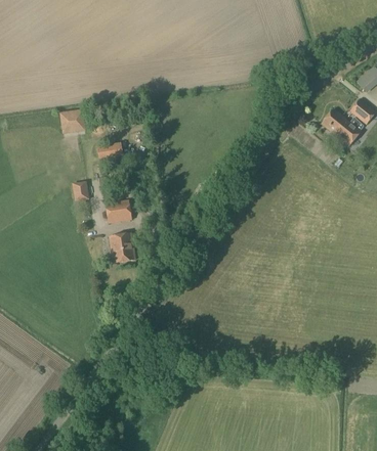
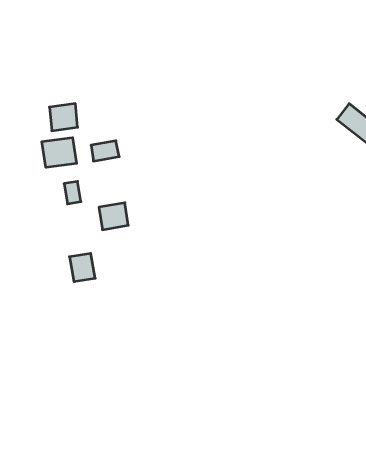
building: none -> [42,138,77,167]
building: [110,235,133,261] -> [69,253,95,282]

